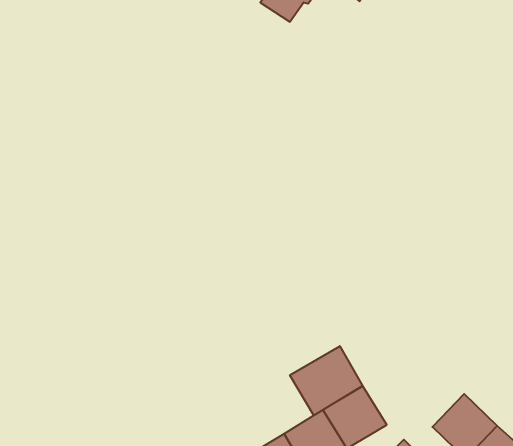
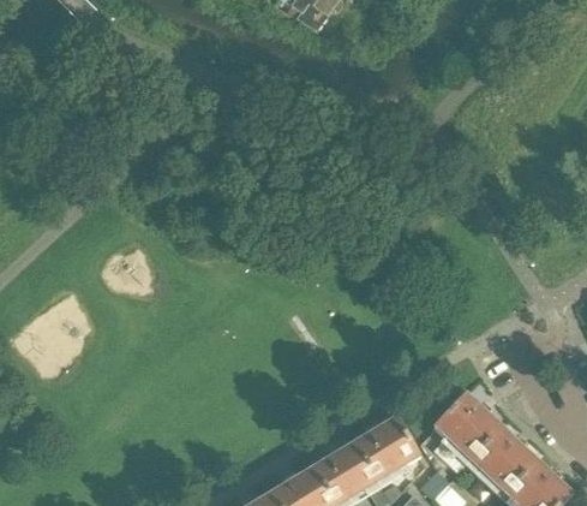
building: [290,346,363,415] -> none
building: none -> [432,392,501,459]

